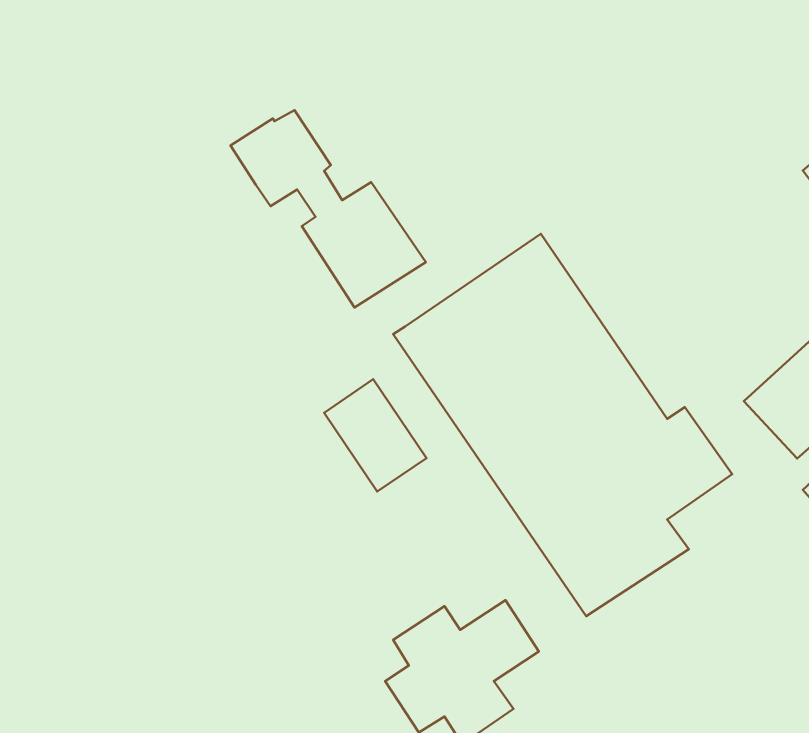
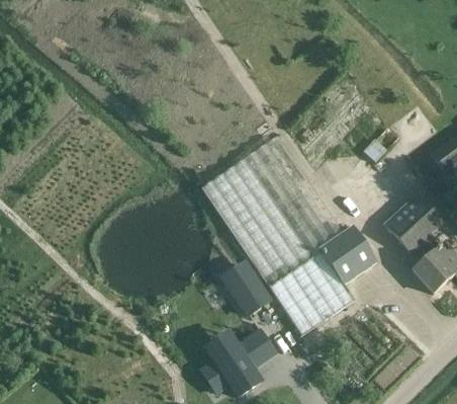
building: [230,110,426,308] -> none
building: [324,379,427,492] -> [220,259,273,317]

